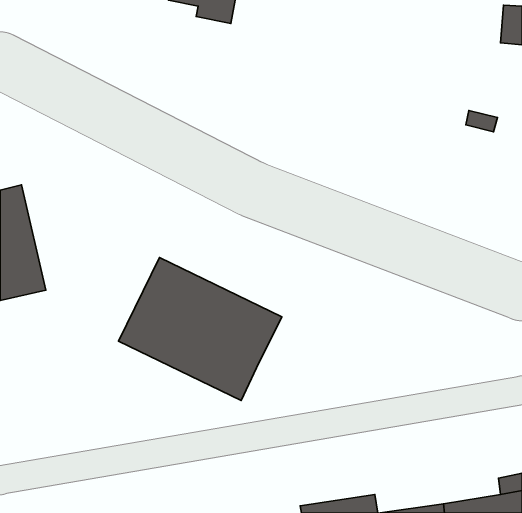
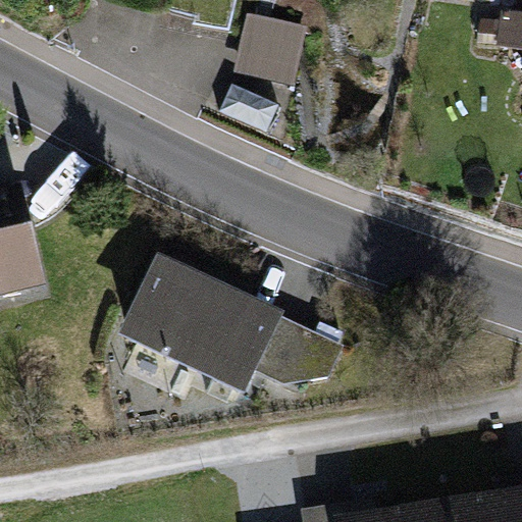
building: none -> [234,9,307,83]
building: none -> [256,316,344,380]

